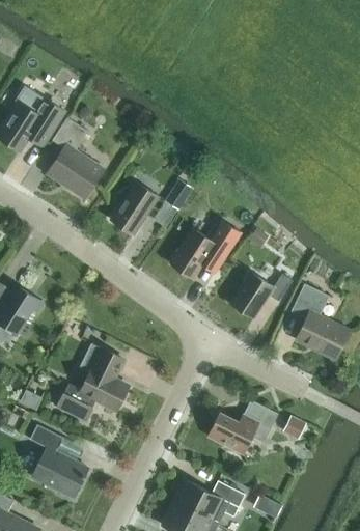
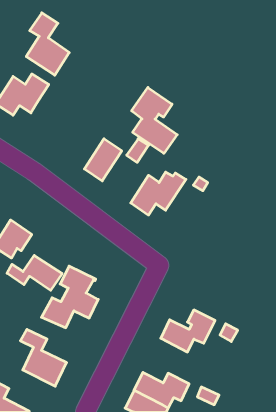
building: none -> [132,87,177,153]
building: [48,117,103,197] -> [26,13,69,75]
building: [230,272,293,317] -> none
building: [292,283,350,358] -> none
building: none -> [7,255,62,290]

